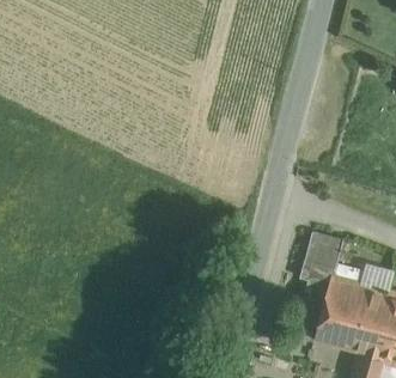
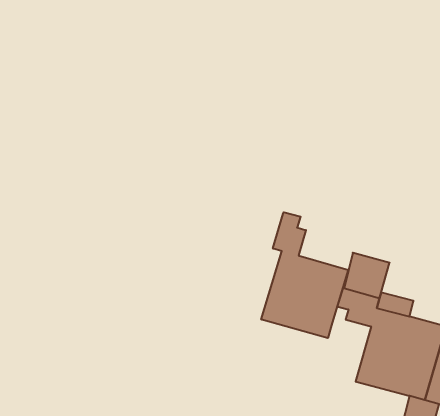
building: none -> [261,212,348,338]

